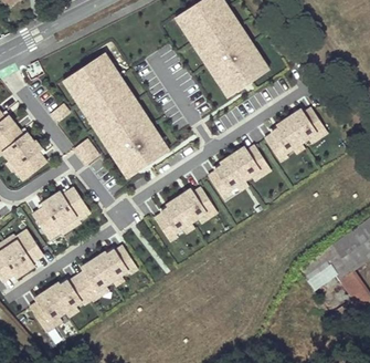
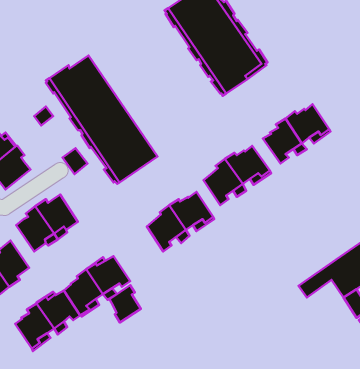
building: [82,51,168,149] -> none
building: none -> [110,285,141,323]

